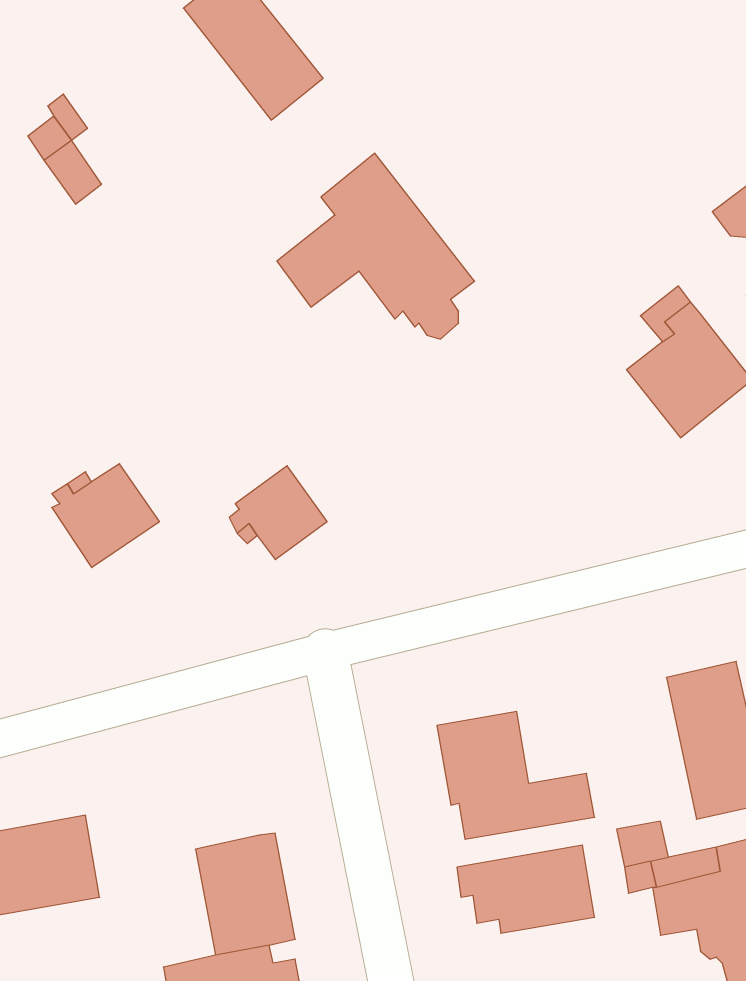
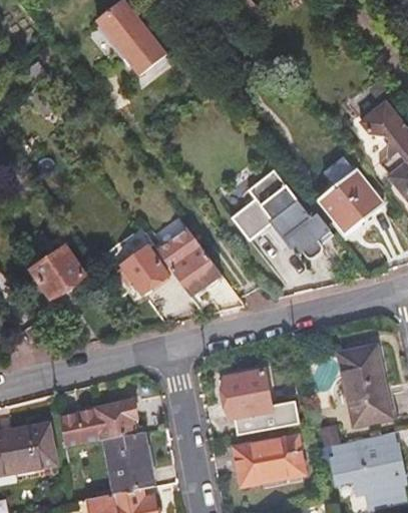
building: [277,153,475,339] -> [231,165,330,259]
building: none -> [161,231,222,296]
building: none -> [59,399,135,446]

